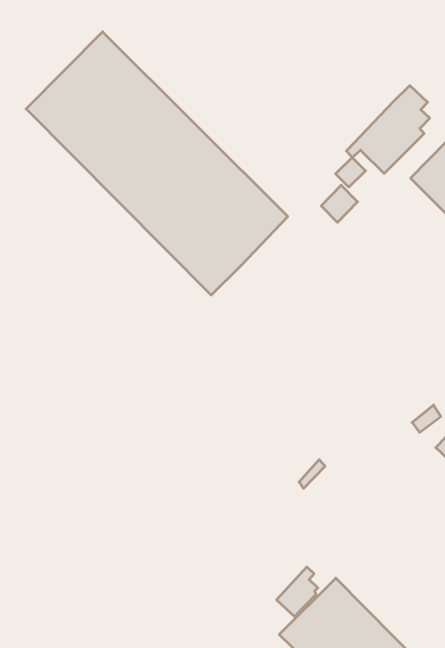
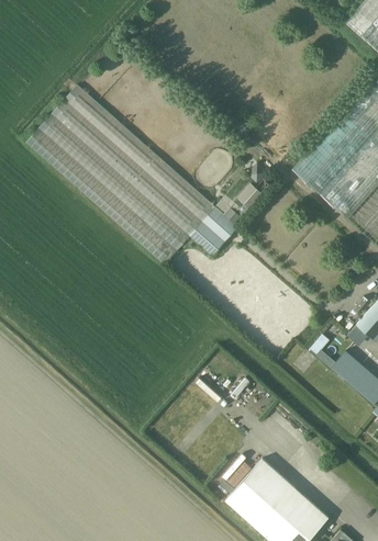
building: [346,86,430,173] -> [184,193,241,256]

